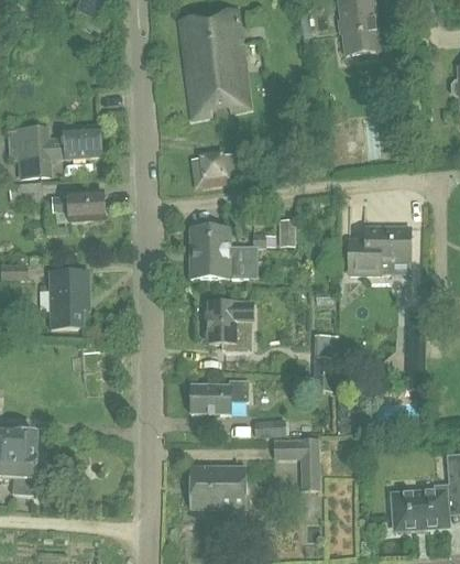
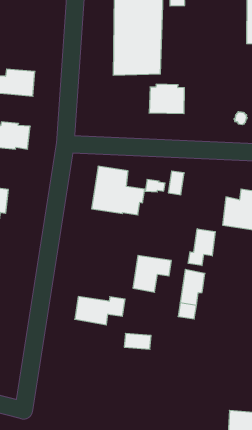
building: [191,149,237,187] -> [149,84,184,114]
building: none -> [188,229,215,266]
building: [209,302,250,343] -> [133,255,171,292]
building: [274,436,320,488] -> none
building: [190,465,245,507] -> none

